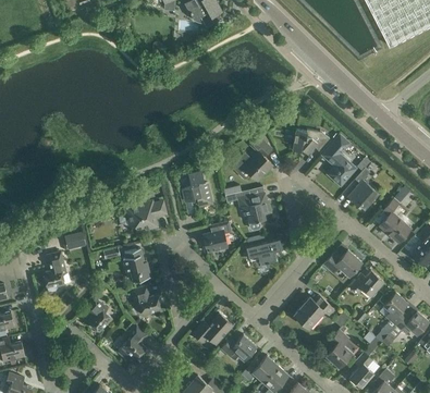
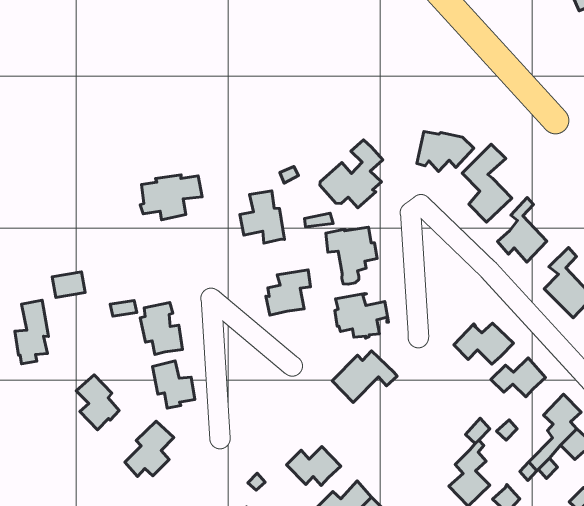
building: [127,200,167,230] -> [140,175,202,220]
building: [294,293,335,327] -> [332,351,397,403]
building: [193,312,232,343] -> none

